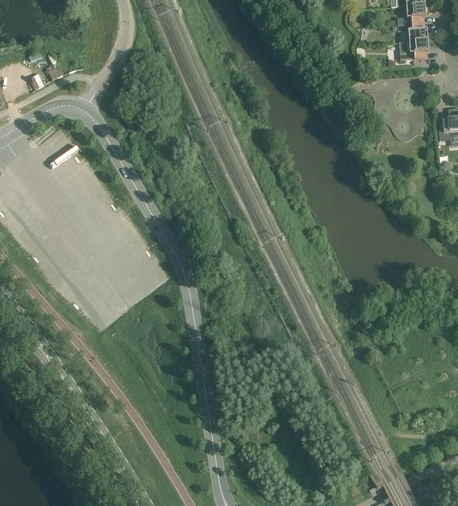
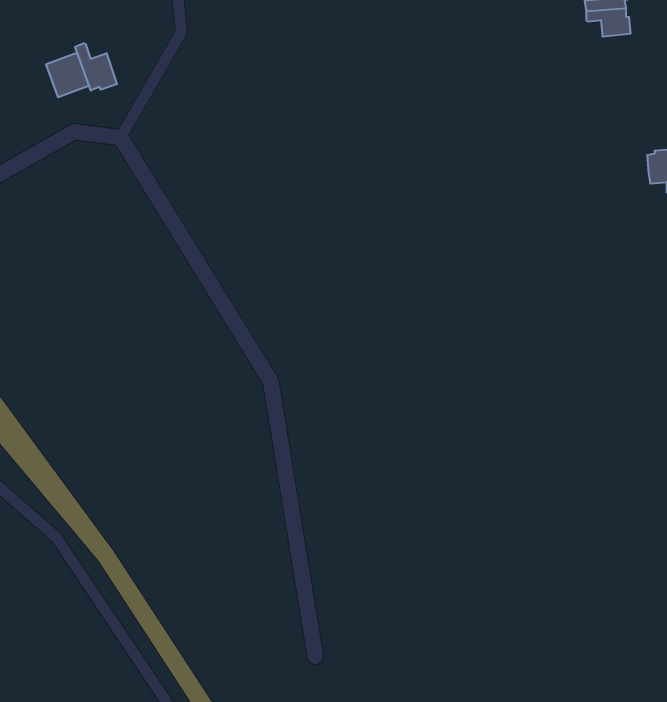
building: [399,40,428,61] -> none
building: none -> [75,43,117,91]

